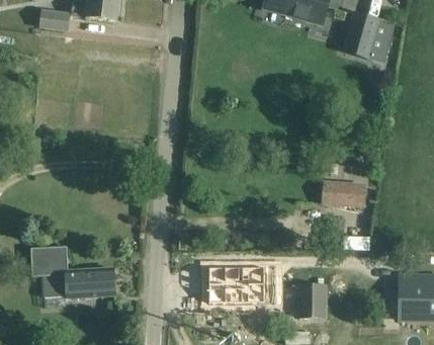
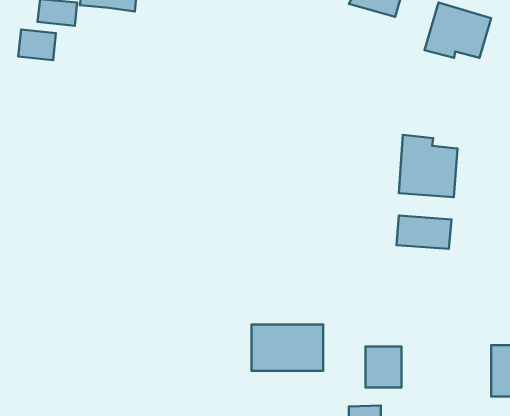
building: none -> [18,30,56,60]
building: none -> [399,135,457,197]
building: [29,245,113,296] -> none

